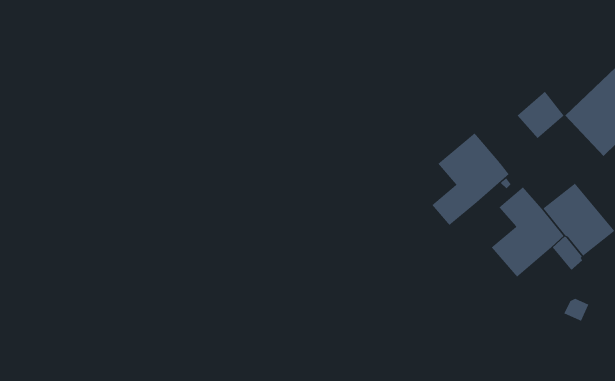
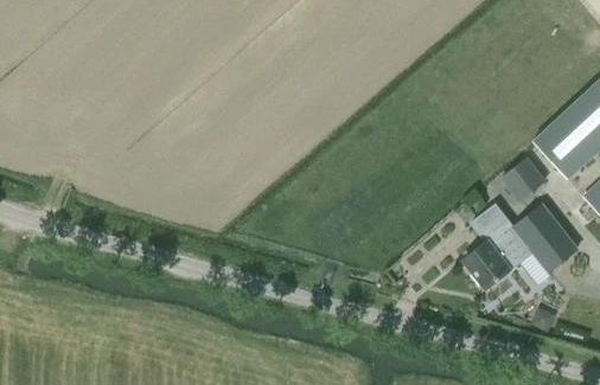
building: [517,91,565,139] -> [499,158,543,201]
building: [431,132,509,226] -> none

